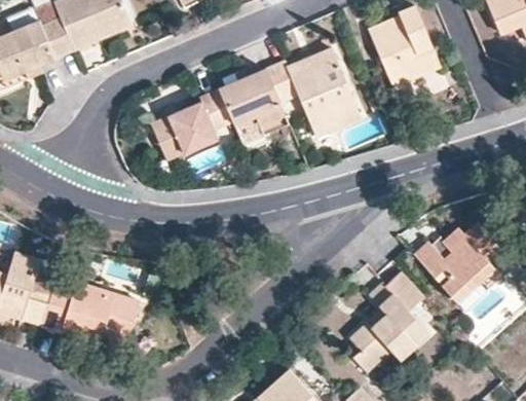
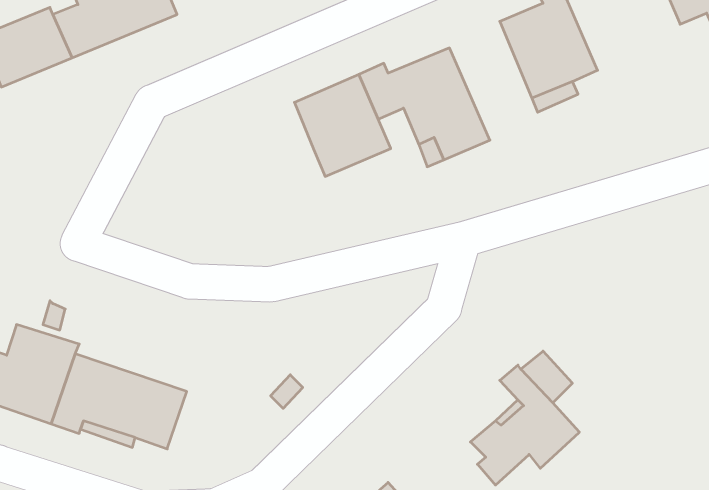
building: [151,89,232,162] -> none
building: [414,222,499,309] -> none

